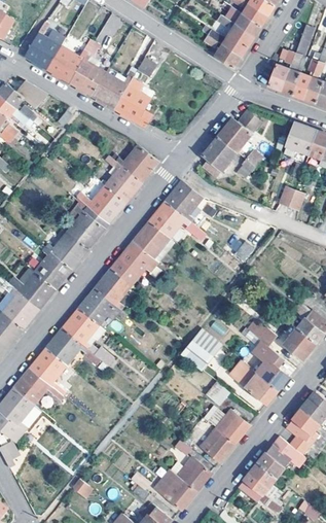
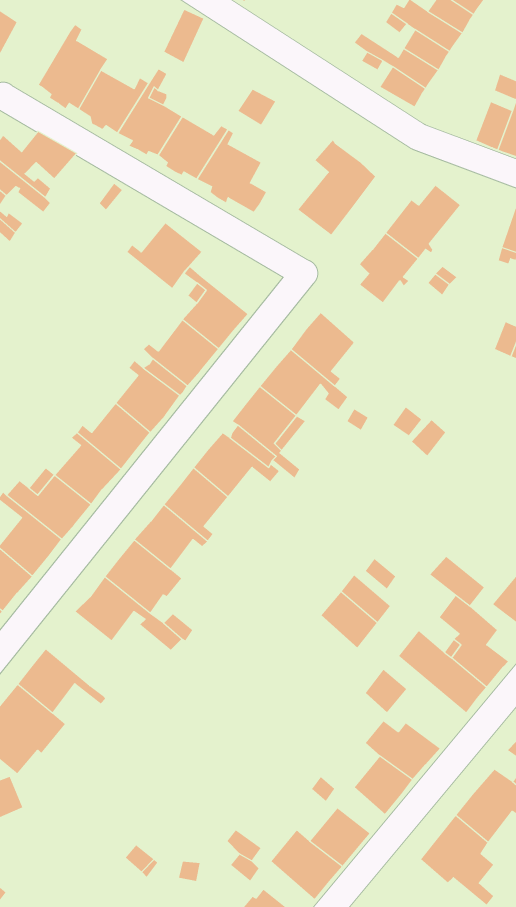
building: none -> [297,140,376,235]
building: [117,145,159,182] -> [126,222,202,289]
building: [30,348,67,395] -> none

